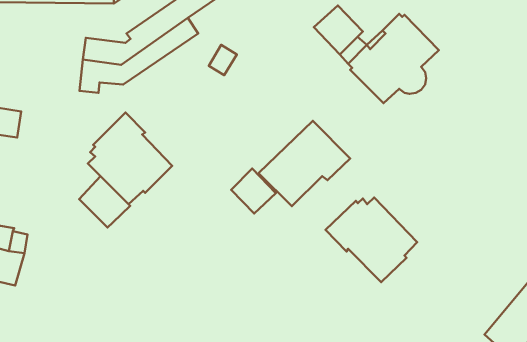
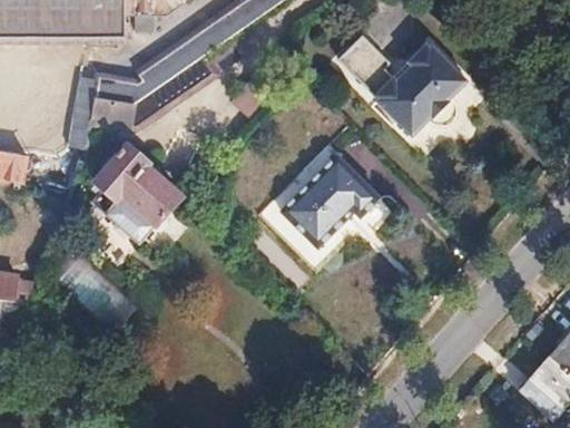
building: [231,169,276,213] -> none
building: [79,176,130,228] -> none
building: [325,197,417,282] -> none

